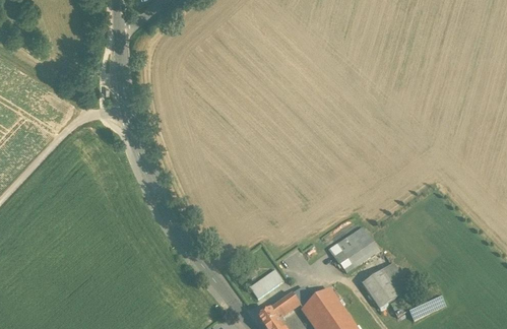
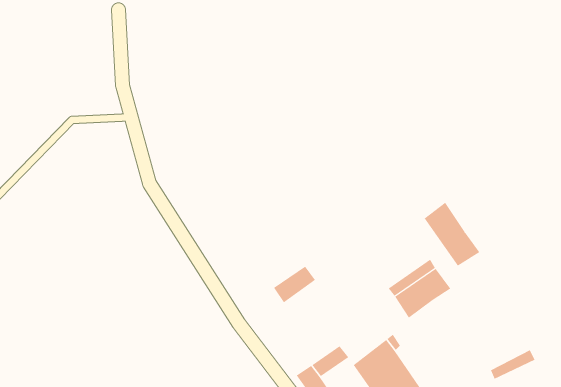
building: none -> [424,202,480,267]
building: [362,262,409,309] -> none
building: [249,268,282,298] -> [273,266,316,303]

